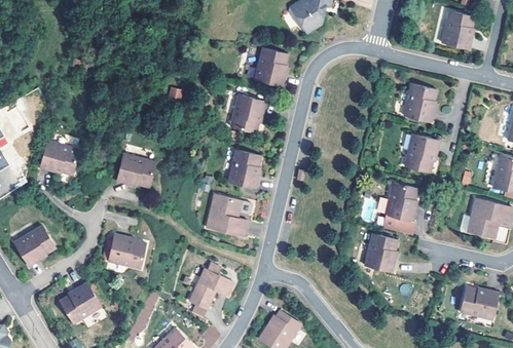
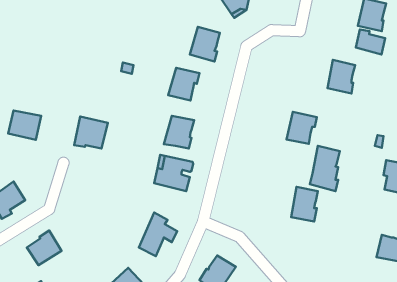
building: none -> [356,29,385,55]
building: [407,134,442,171] -> [287,112,317,144]
building: [107,233,148,266] -> none

